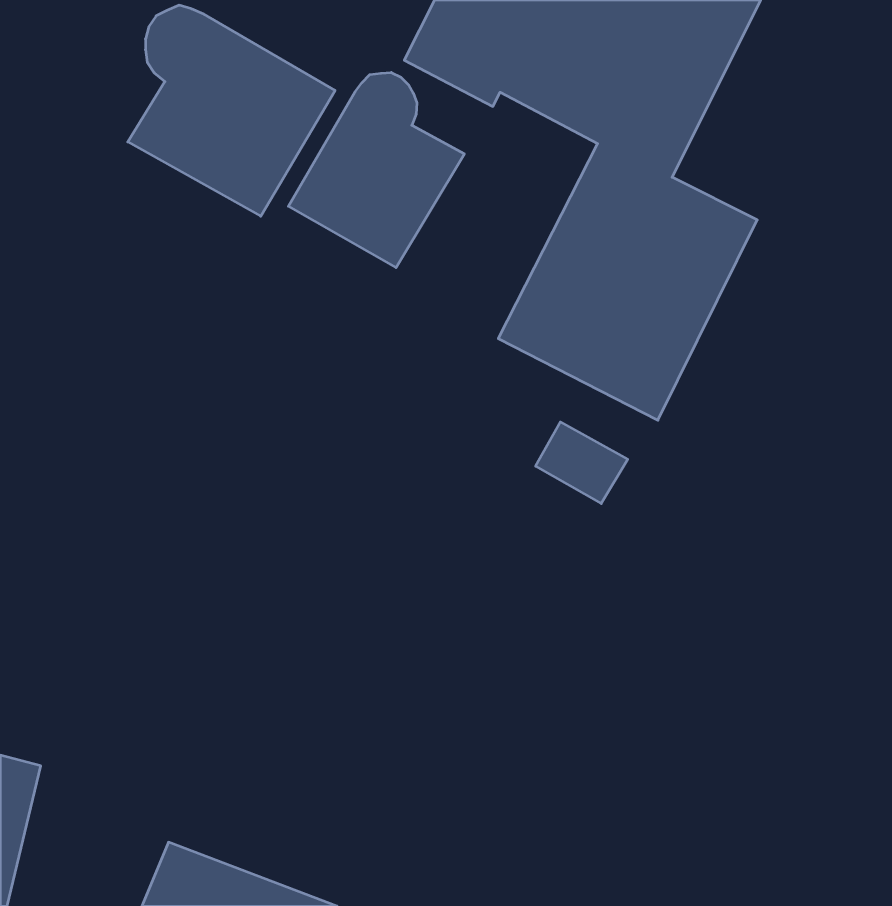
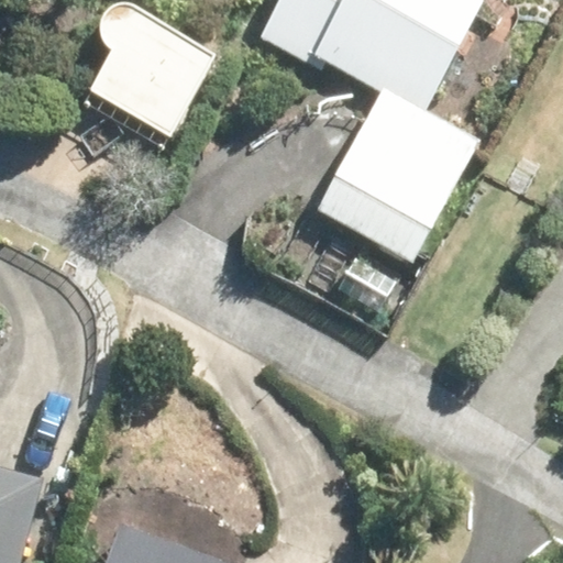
building: [288,72,464,268] -> none

